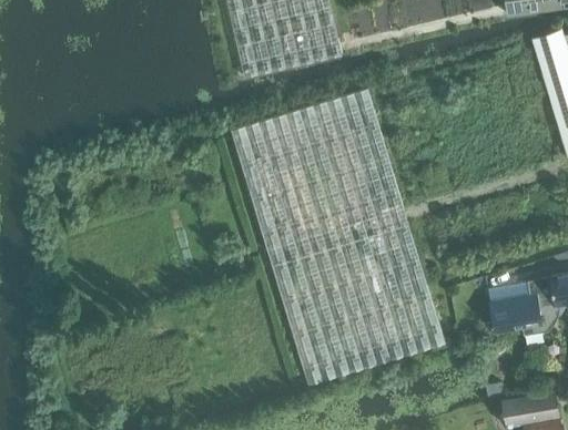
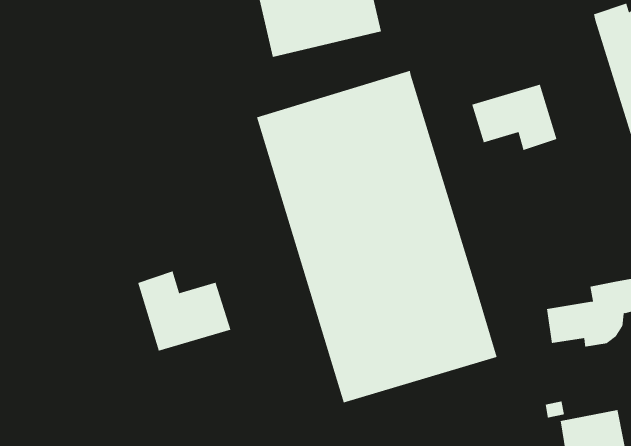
building: none -> [471,84,557,151]
building: none -> [137,270,231,352]

